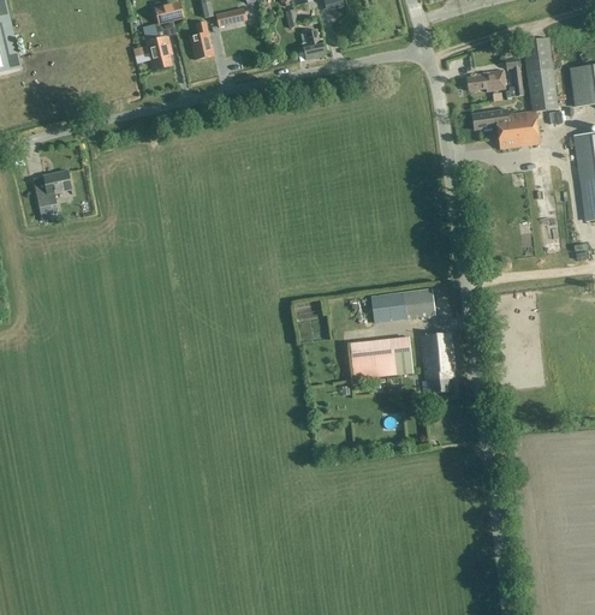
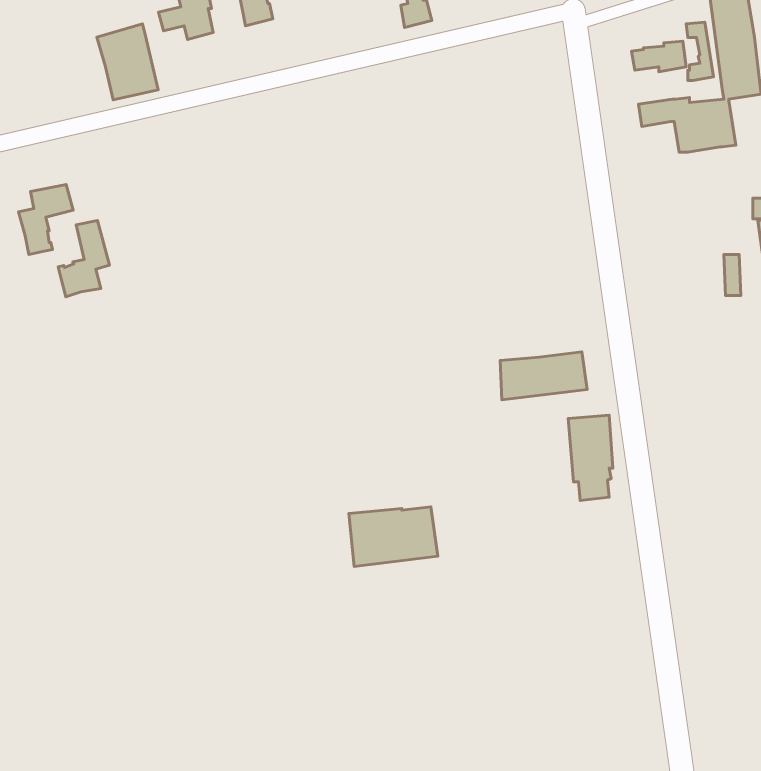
building: none -> [97,24,158,100]
building: none -> [58,221,110,297]
building: [350,338,412,380] -> [349,507,438,567]

